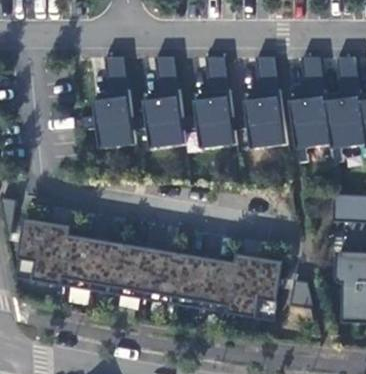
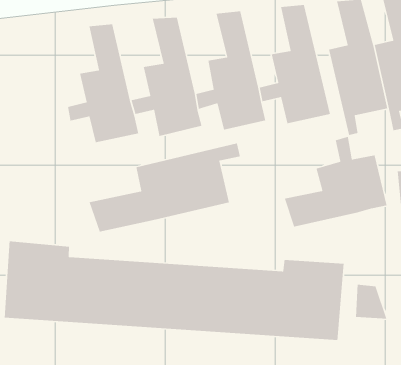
building: none -> [88,143,241,232]
building: none -> [284,136,388,227]

